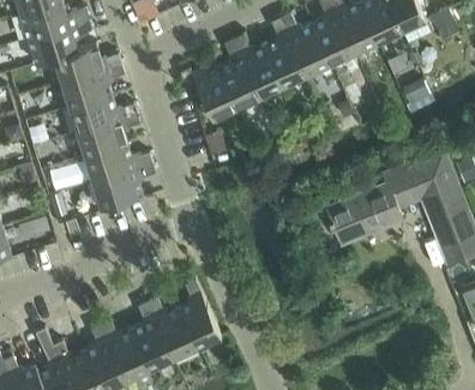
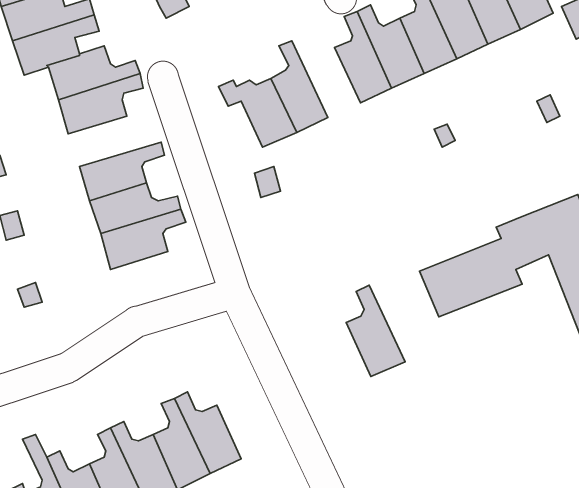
building: [234,36,284,97] -> none
building: [70,96,138,133] -> none
building: [179,281,222,348] -> [346,285,405,377]

